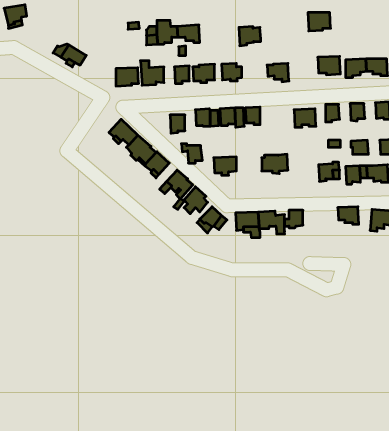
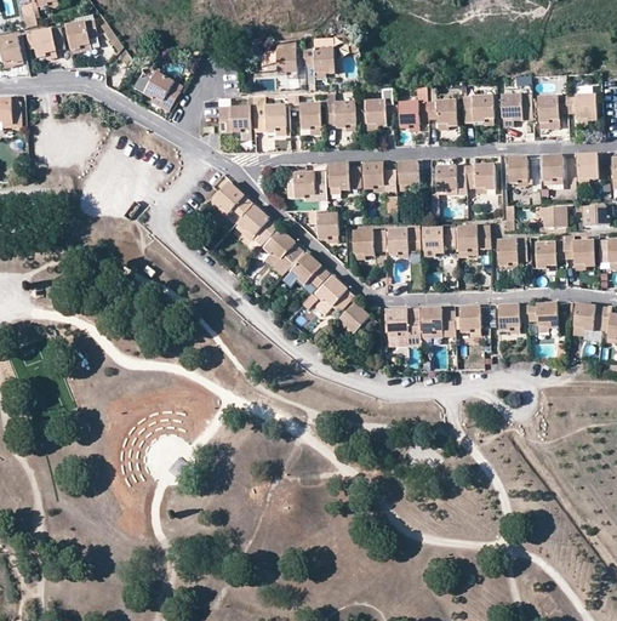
building: [308,13,331,31] -> [462,97,493,123]
building: [239,27,261,46] -> [398,102,428,129]
building: none -> [435,165,465,190]
building: none -> [457,226,491,251]
building: none -> [387,228,419,257]
building: none -> [496,301,526,326]

